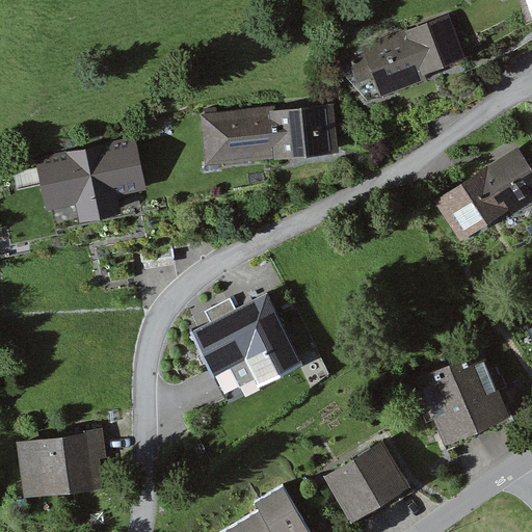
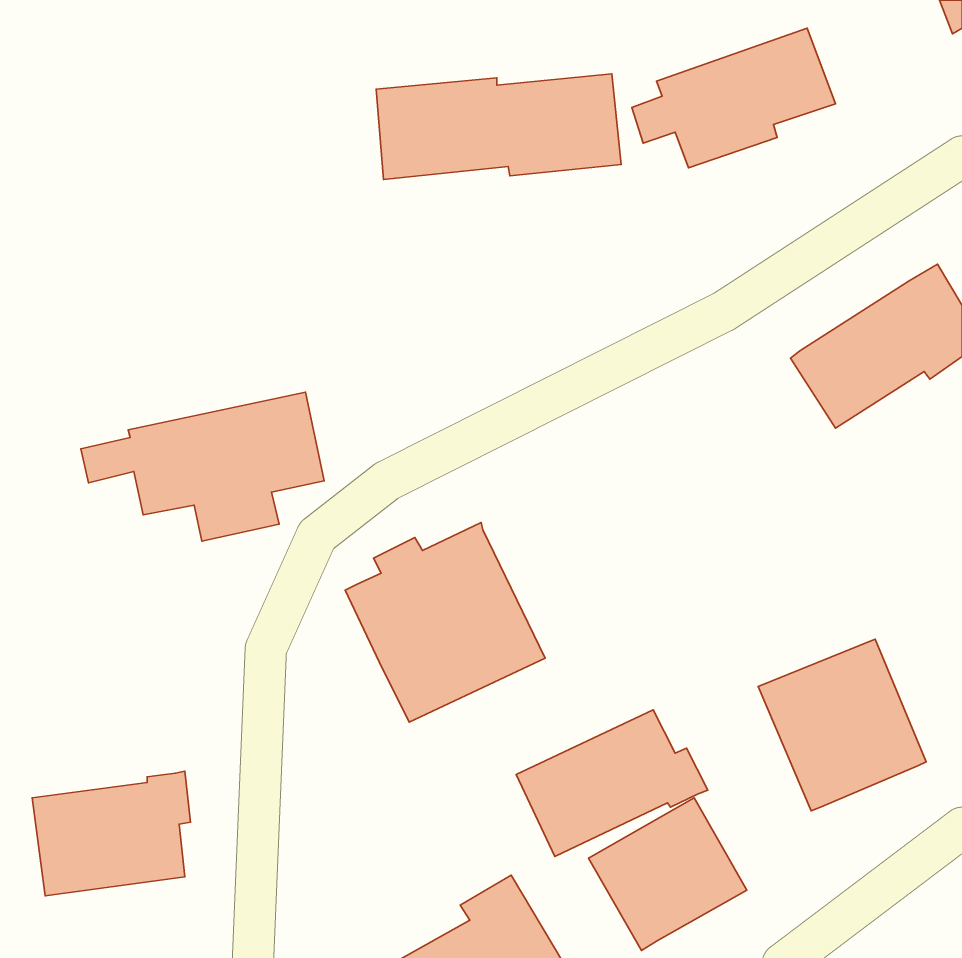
building: [202,105,337,163] -> [376,74,621,180]
building: [11,140,145,222] -> [81,392,324,541]
building: none -> [516,710,708,856]

